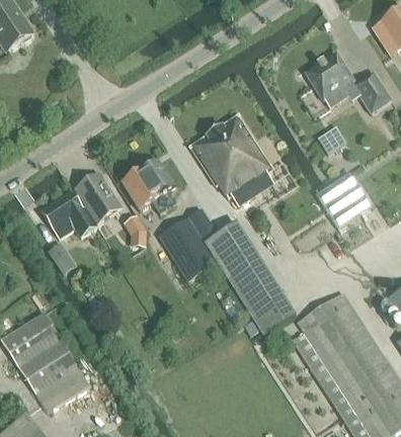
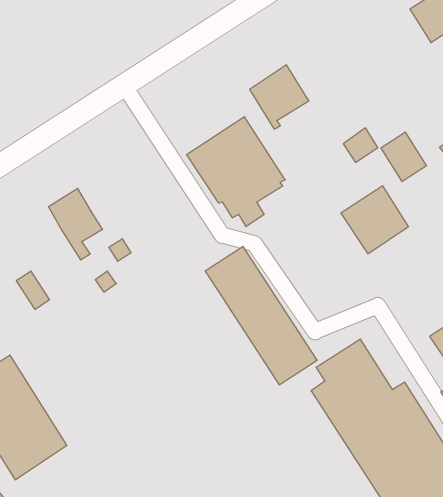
building: [305,52,353,104] -> [250,65,309,129]
building: [353,73,391,113] -> [381,132,427,182]
building: [122,160,175,213] -> none
building: [41,190,96,237] -> none
building: [159,209,219,282] -> none

